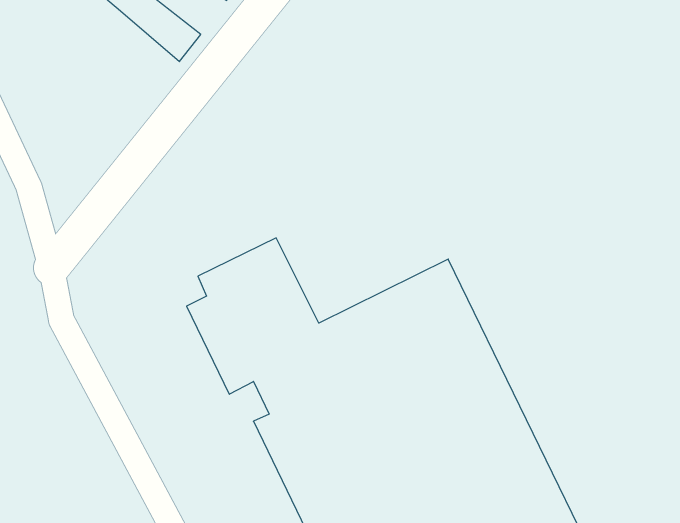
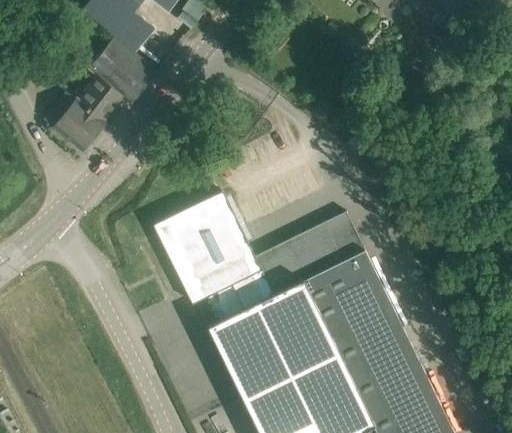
building: none -> [45,36,158,151]

